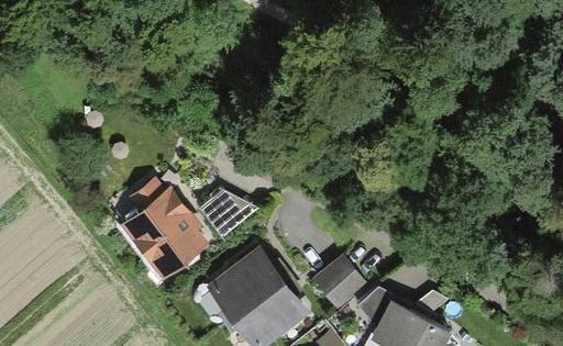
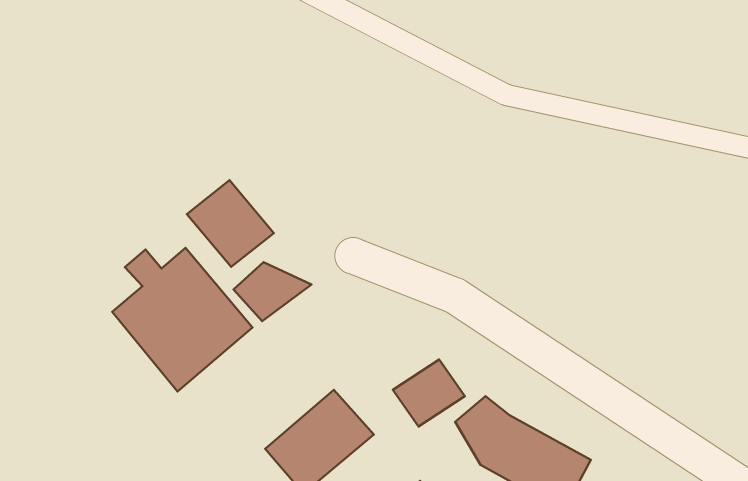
building: none -> [187,180,274,267]
building: [205,250,274,316] -> none

